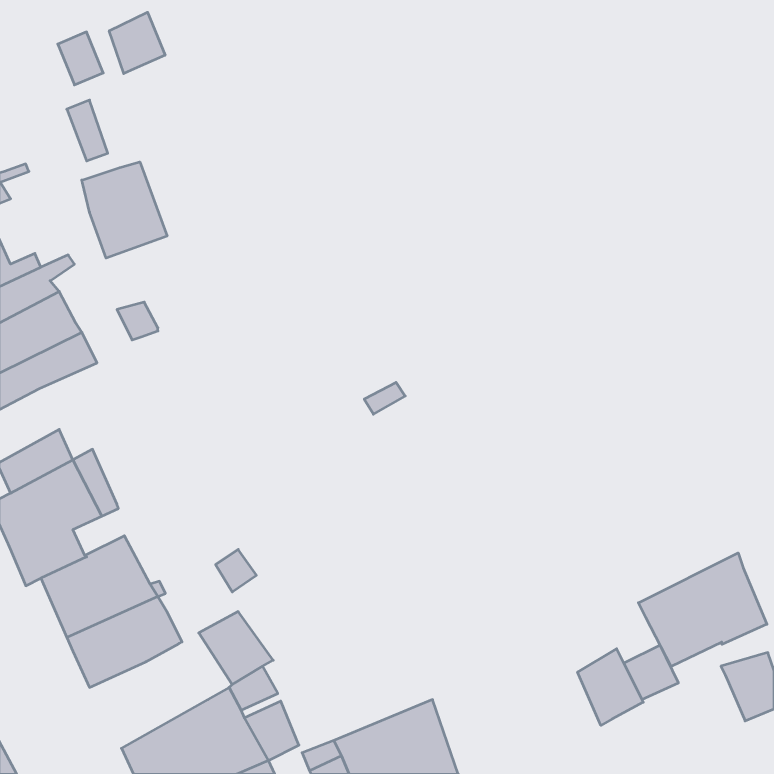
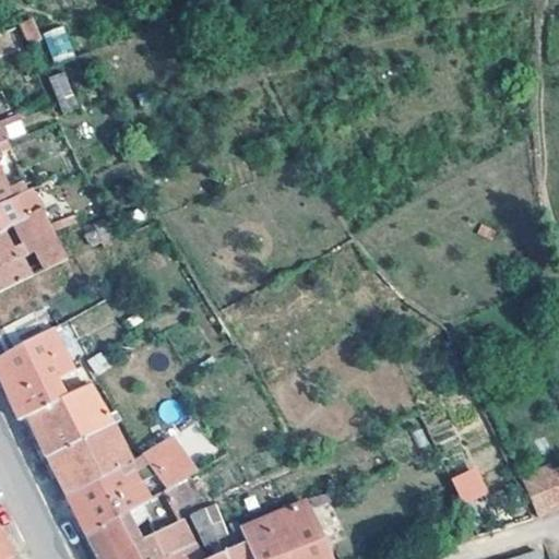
building: [109,12,165,74] -> none
building: [82,162,167,258] -> none
building: [638,553,767,666] -> none
building: none -> [64,463,150,538]
building: [578,649,643,725] -> none

